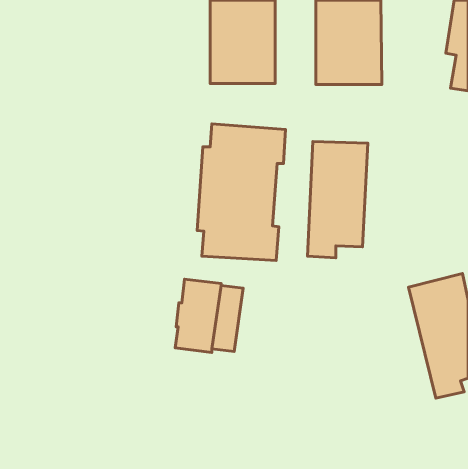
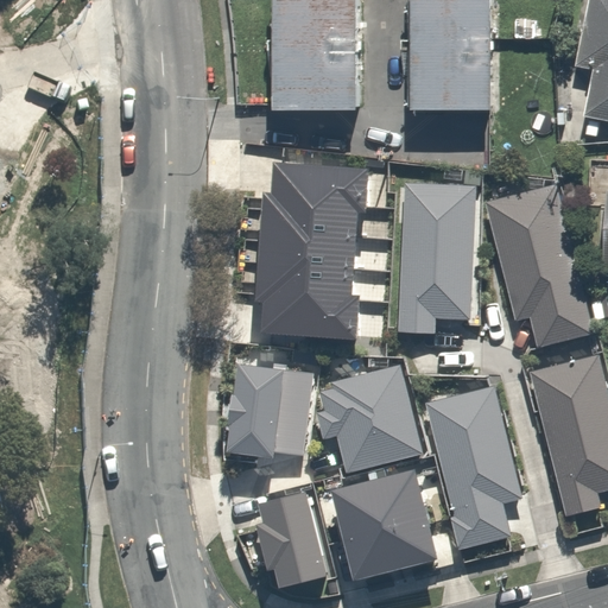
building: none -> [484,184,594,348]
building: none -> [316,365,423,473]
building: none -> [426,385,522,549]
building: none -> [331,467,438,578]
building: none -> [256,489,330,587]

